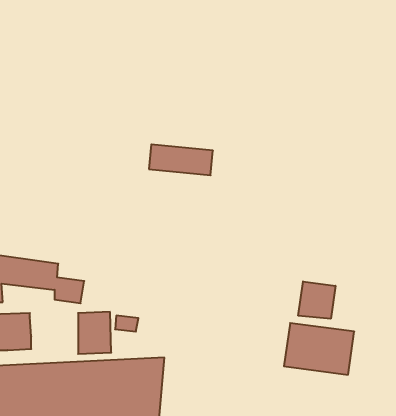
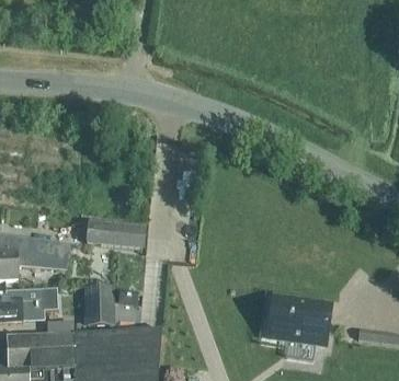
building: [149,144,213,175] -> [87,220,144,247]
building: [298,281,335,319] -> none

